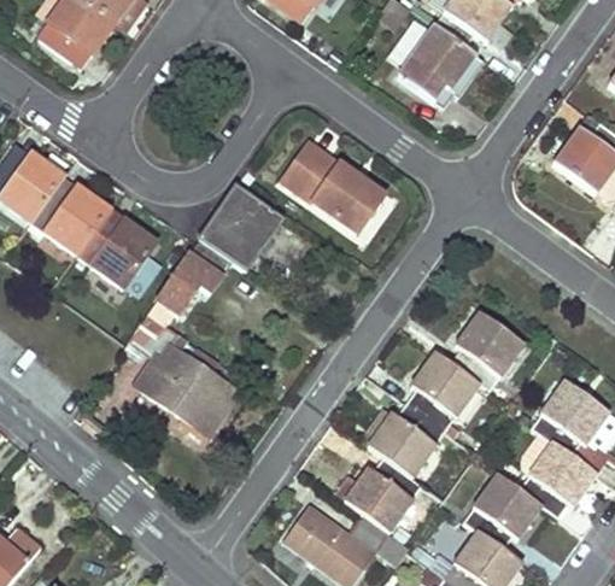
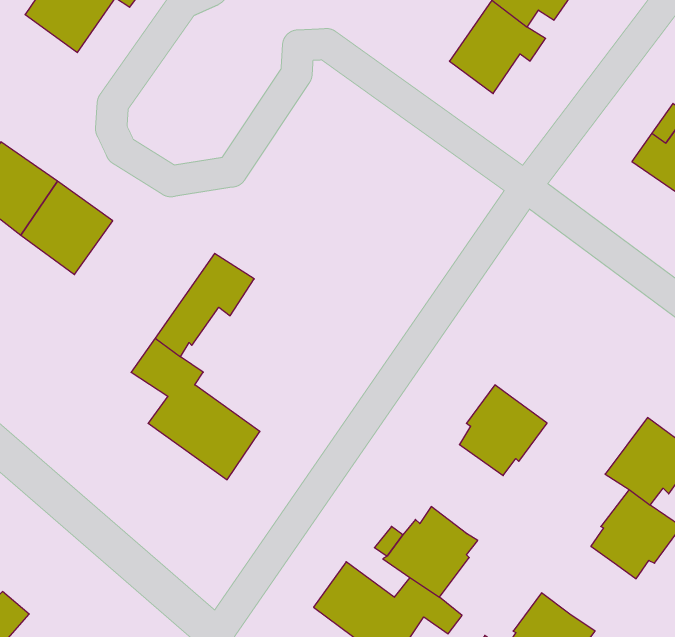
building: [282,142,382,233] -> none
building: [198,184,283,271] -> none
building: [78,211,157,289] -> none
building: [450,310,526,389] -> none
building: [368,402,444,477] -> none
building: [465,470,540,546] -> none

